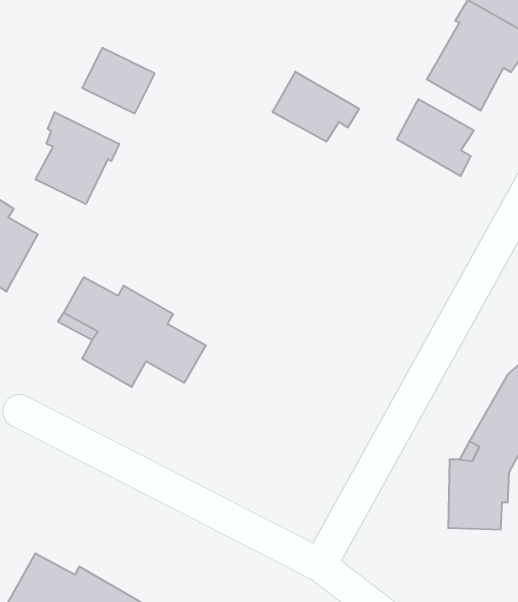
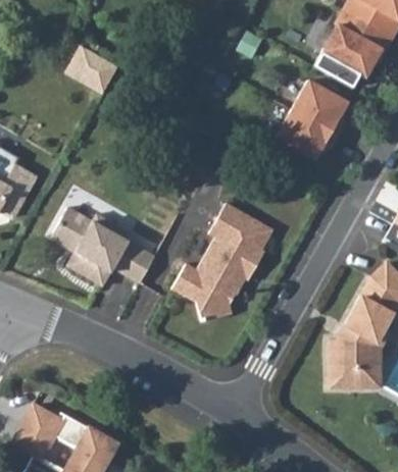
building: [272,72,359,142] -> [277,108,339,158]
building: [36,112,119,204] -> none
building: none -> [172,203,273,321]

